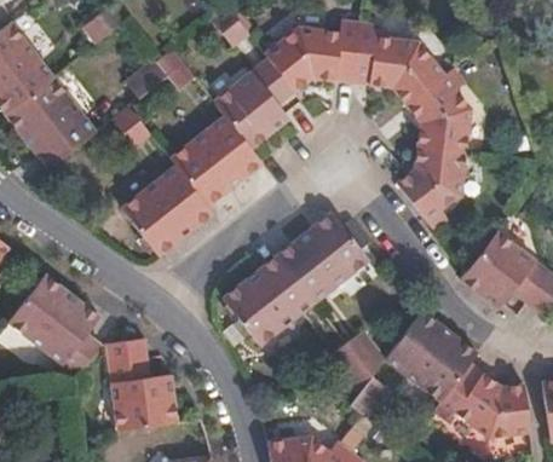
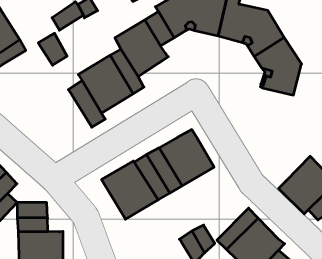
building: [397,144,463,232] -> none
building: [122,178,196,254] -> none

